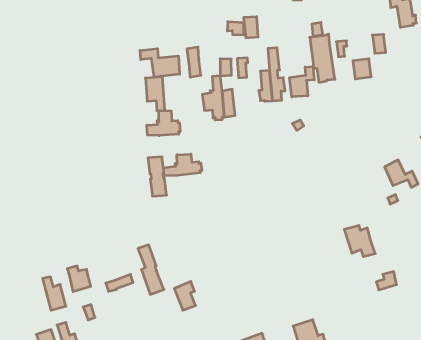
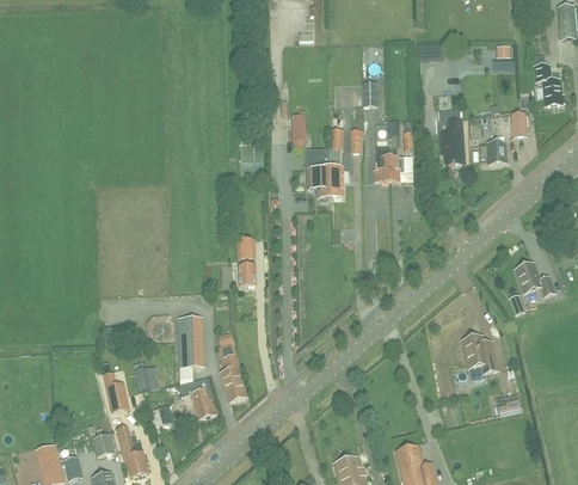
building: [140,49,180,77] -> none
building: [290,67,314,97] -> none
building: [147,111,180,136] -> none
building: [163,154,202,176] -> none
building: none -> [178,317,204,367]
building: [174,281,196,310] -> [191,385,215,418]

